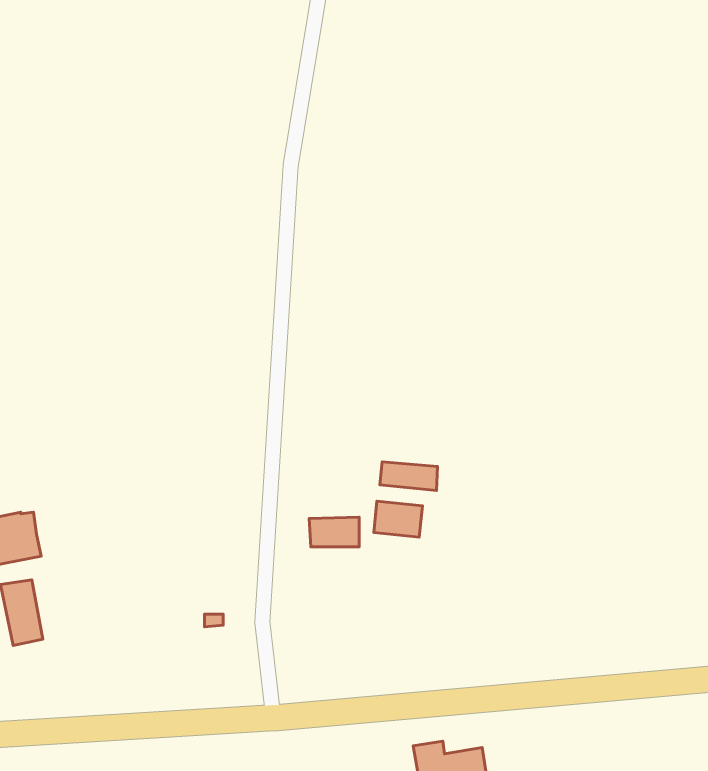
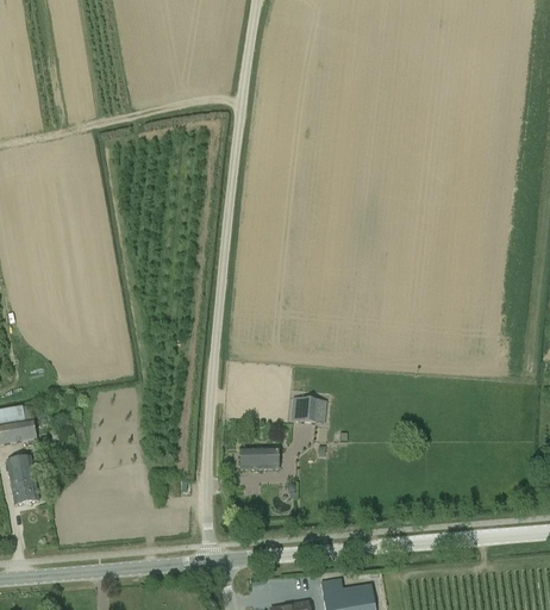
building: [380,462,437,491] -> none
building: [309,517,359,547] -> [239,446,277,468]

